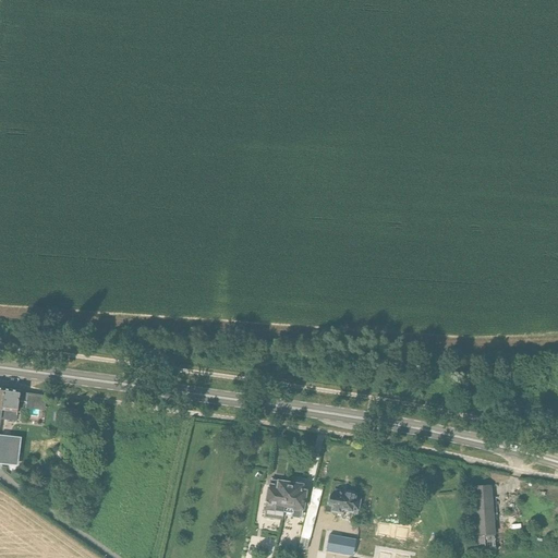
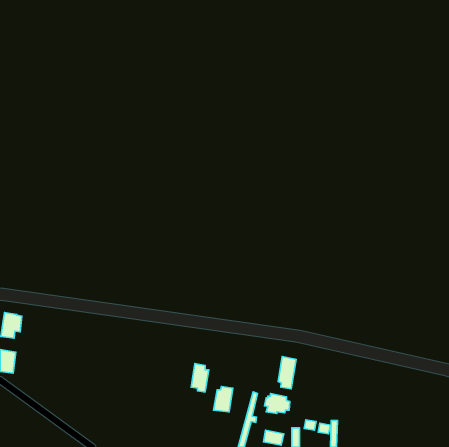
building: none -> [278,356,296,389]
building: [284,482,306,517] -> [191,364,209,392]
building: [469,483,496,548] -> none

